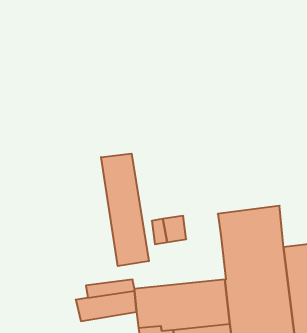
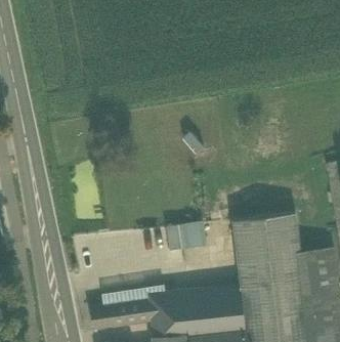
building: [101,154,149,266] -> none

